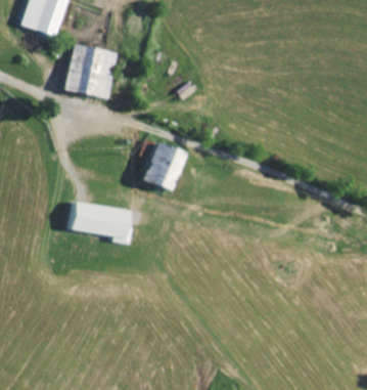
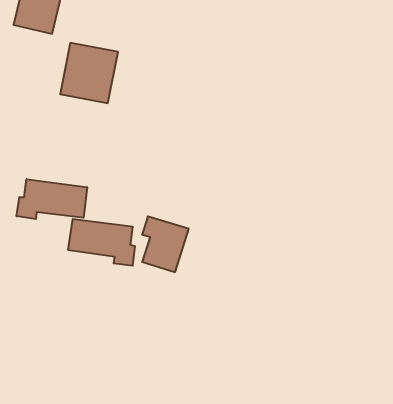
building: [139,140,181,190] -> [142,216,189,272]
building: none -> [17,179,87,219]

